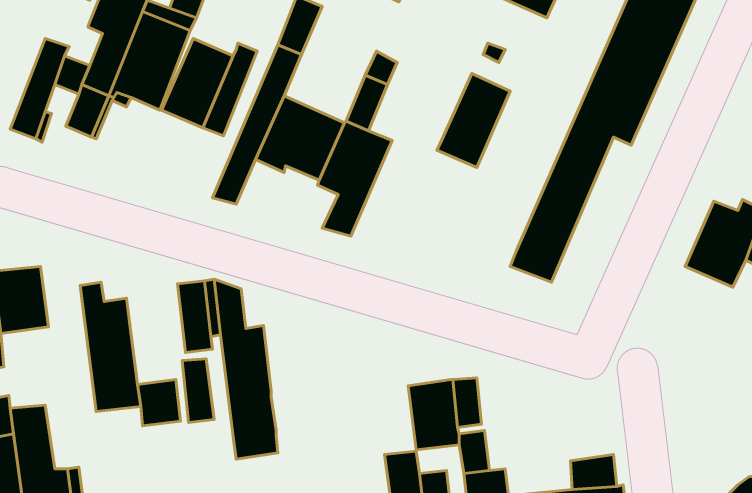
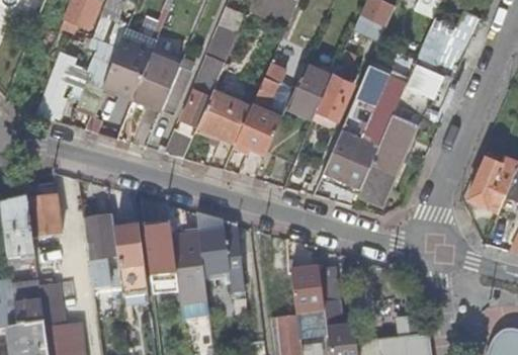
building: none -> [322,51,416,186]
building: none -> [285,61,332,118]
building: none -> [196,213,245,296]
building: none -> [114,229,144,271]

